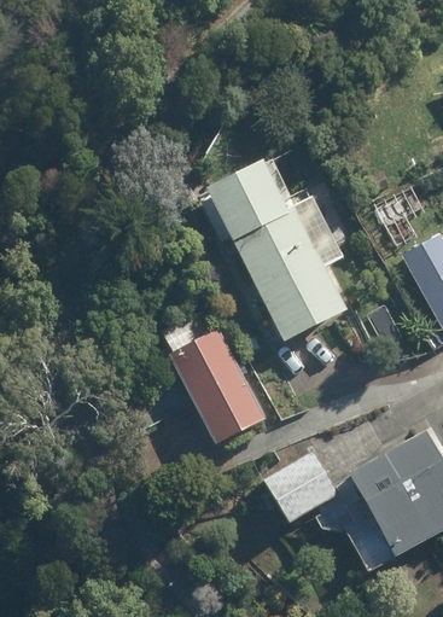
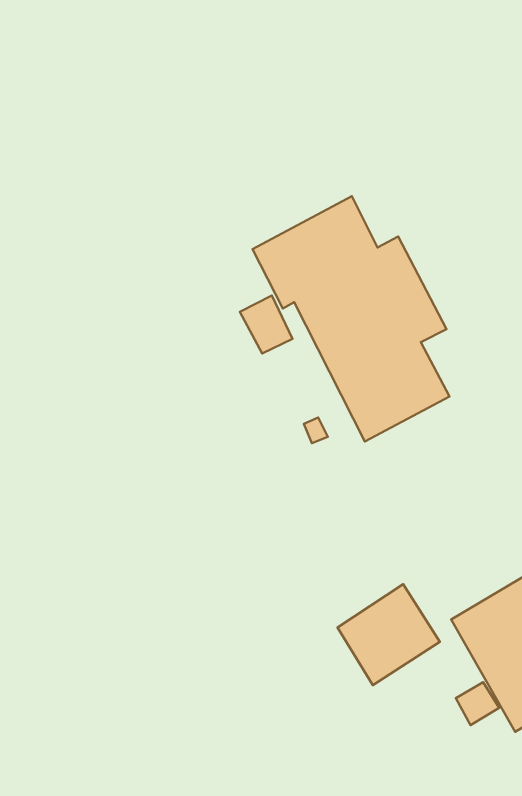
building: [158,327,263,444] -> none

